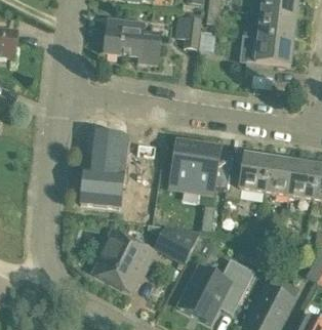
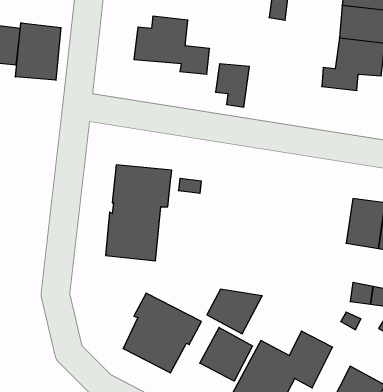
building: [175,15,201,48] -> [216,64,249,107]
building: none -> [15,23,61,80]
building: [170,142,219,190] -> none
building: [225,154,269,197] -> none
building: none -> [200,327,253,381]

